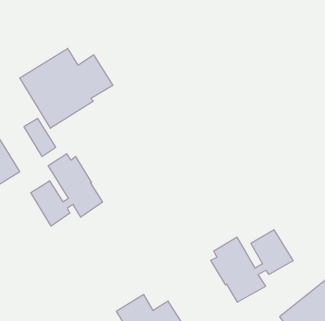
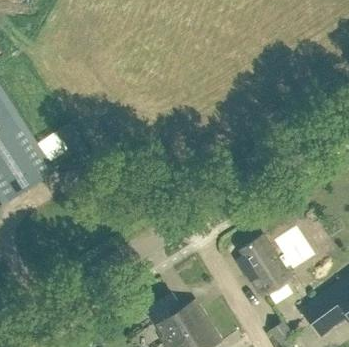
building: [20,48,113,128] -> none
building: [31,154,102,226] -> none

